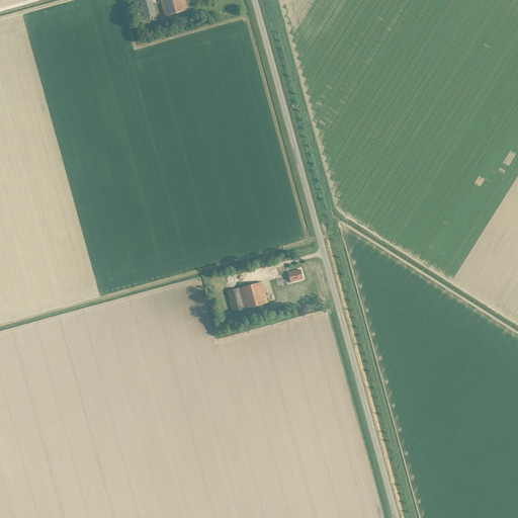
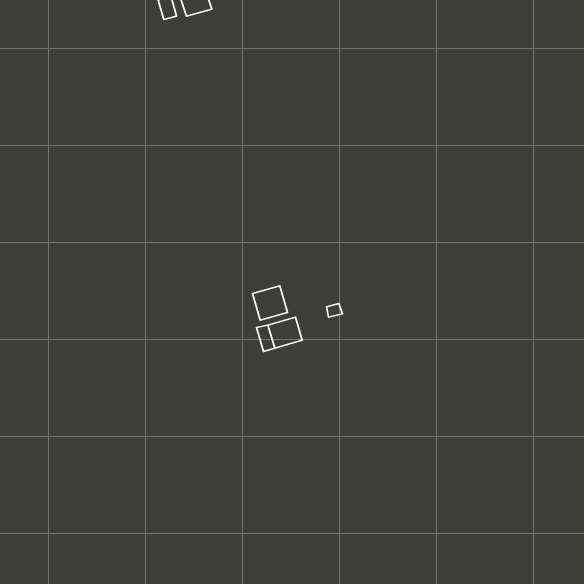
building: none -> [253,286,288,320]

